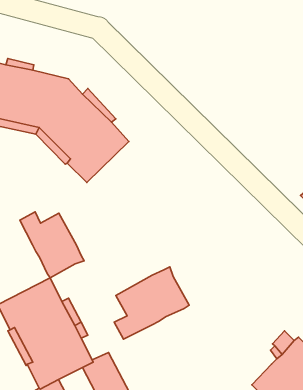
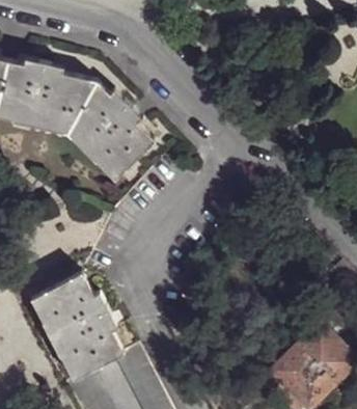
building: [20,212,84,278] -> none
building: [114,267,189,339] -> none

